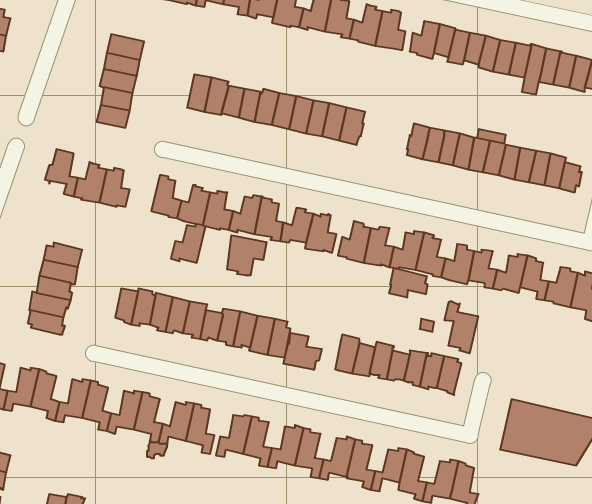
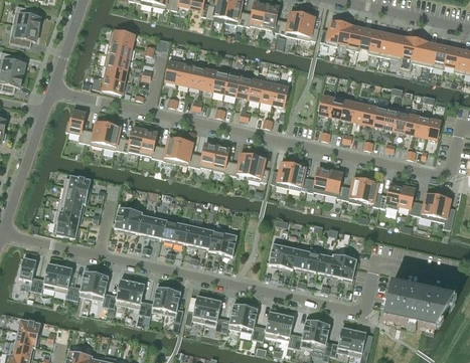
building: [171,224,205,263] -> [121,126,145,153]
building: [227,235,267,276] -> none
building: [389,268,427,298] -> none
building: [445,301,478,353] -> none
building: [283,333,322,370] -> none

